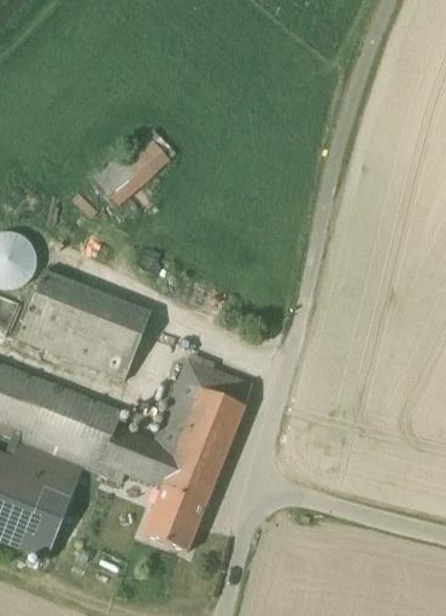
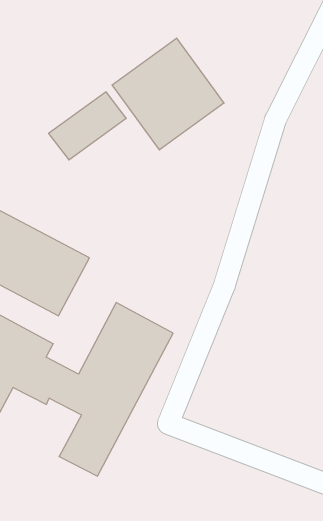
building: none -> [112,38,224,150]

